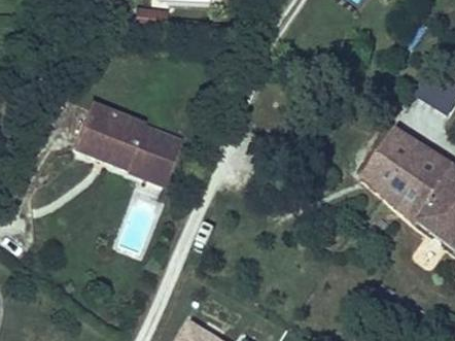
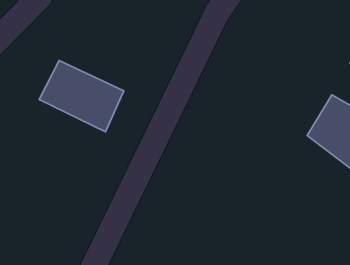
building: [148,127,186,178] -> none

